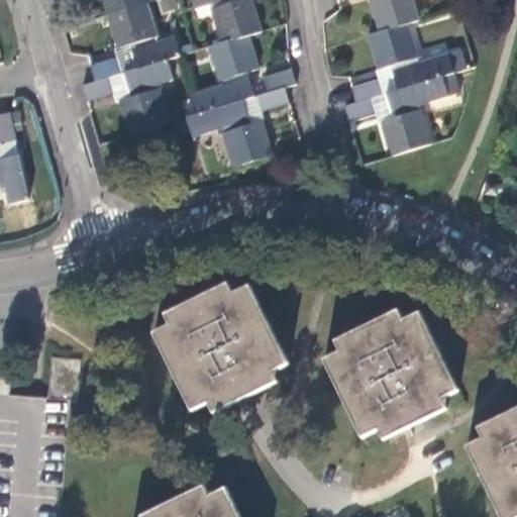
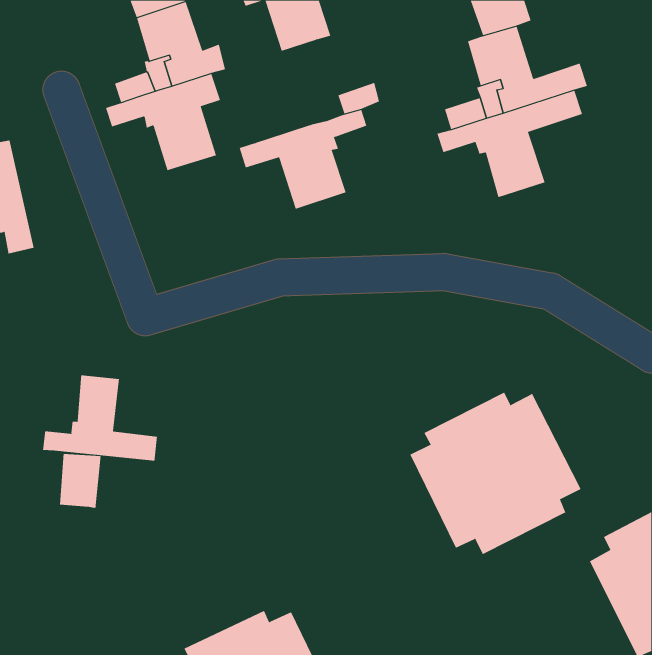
building: [203,32,260,110] -> none
building: [153,280,288,409] -> none
building: none -> [43,374,157,462]

